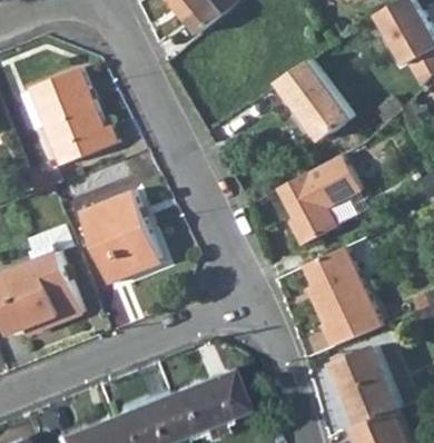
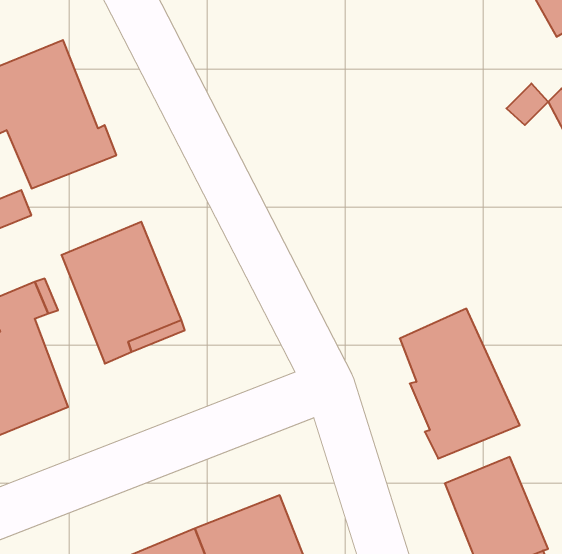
building: [280,57,354,136] -> none
building: [279,156,363,247] -> none

